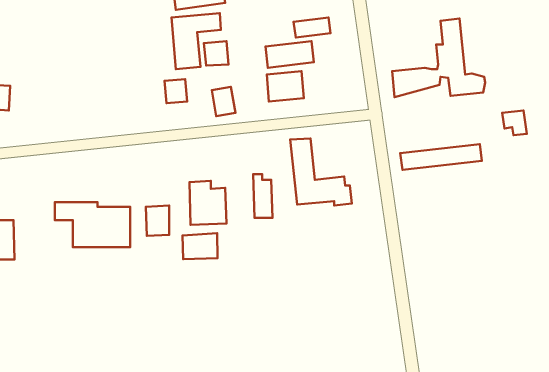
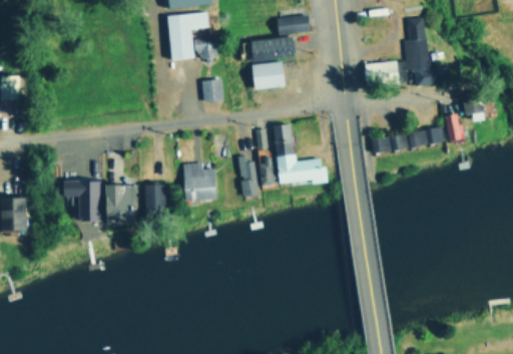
building: [165,79,187,103] -> none
building: none -> [446,114,464,141]
building: [183,233,218,259] -> none

